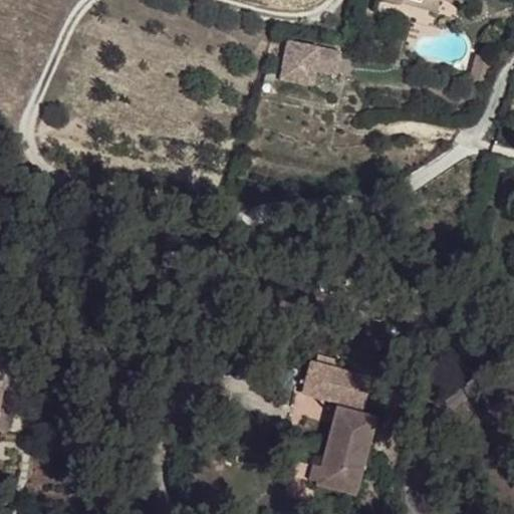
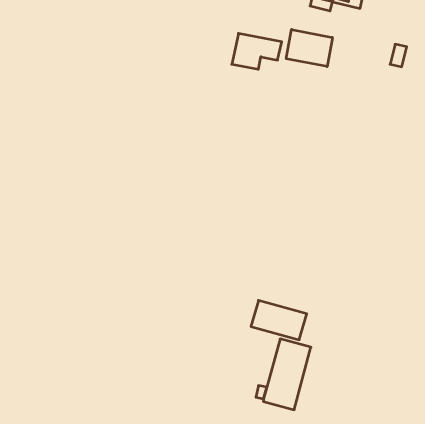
building: none -> [286,29,332,67]

